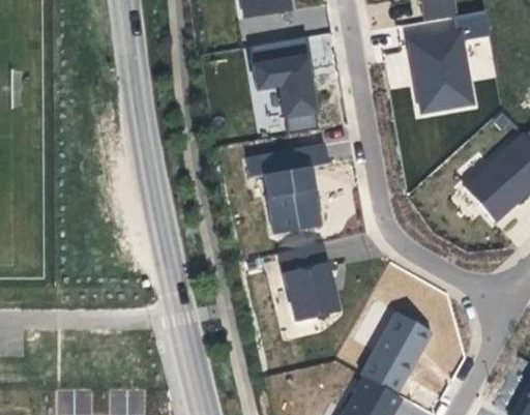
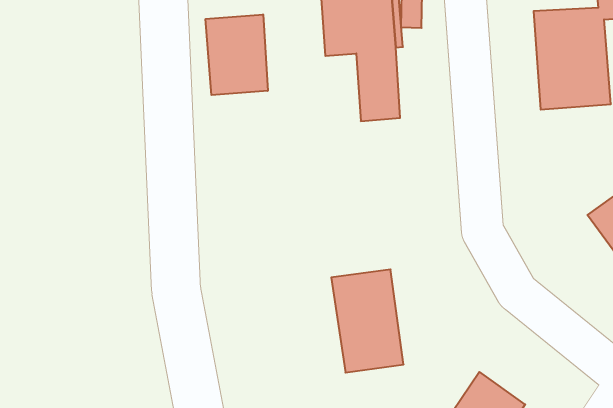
building: none -> [206,14,268,95]
building: [247,144,329,234] -> none

